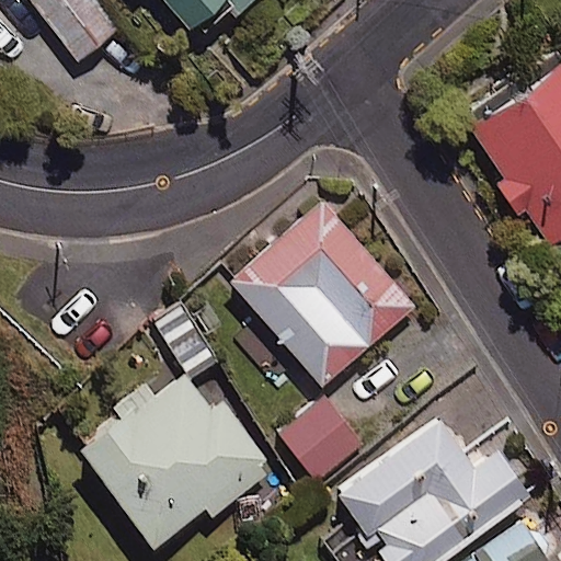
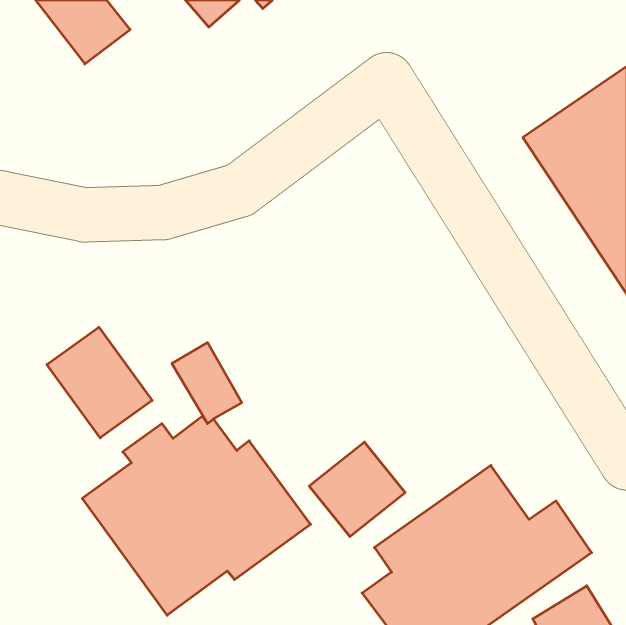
building: [231,202,413,385] -> none
building: none -> [47,327,152,438]

